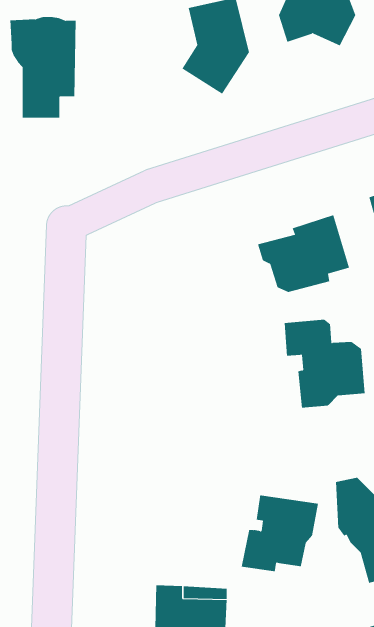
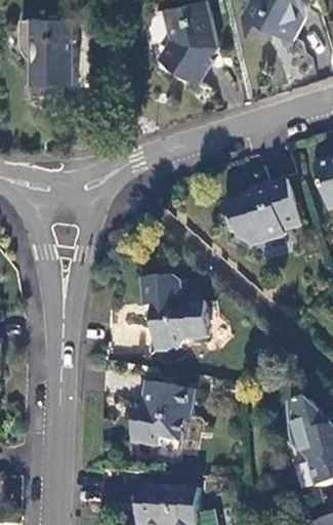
building: [284,319,365,408] -> [141,276,209,350]
building: [241,495,319,572] -> [130,382,195,446]

